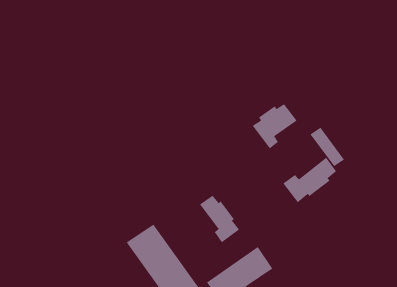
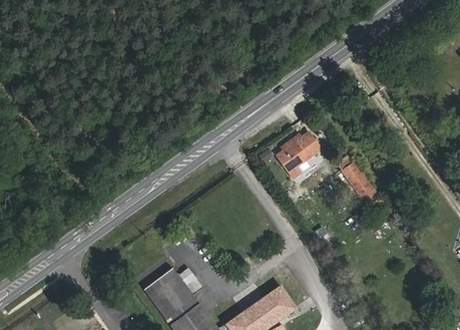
building: [283,157,337,203] -> none
building: [199,195,240,243] -> none

